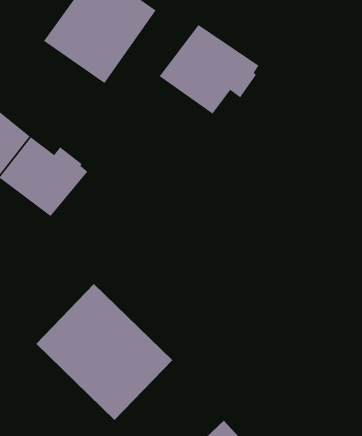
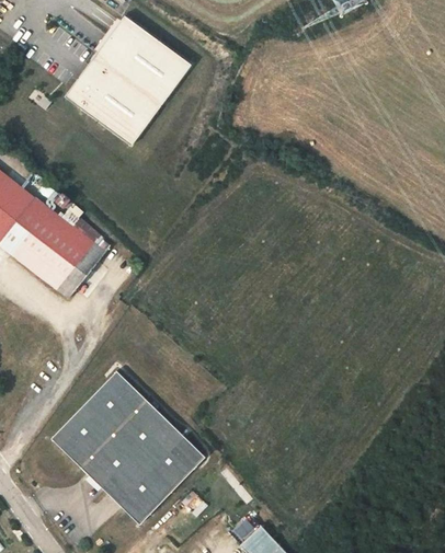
building: [159,24,259,114] -> none

